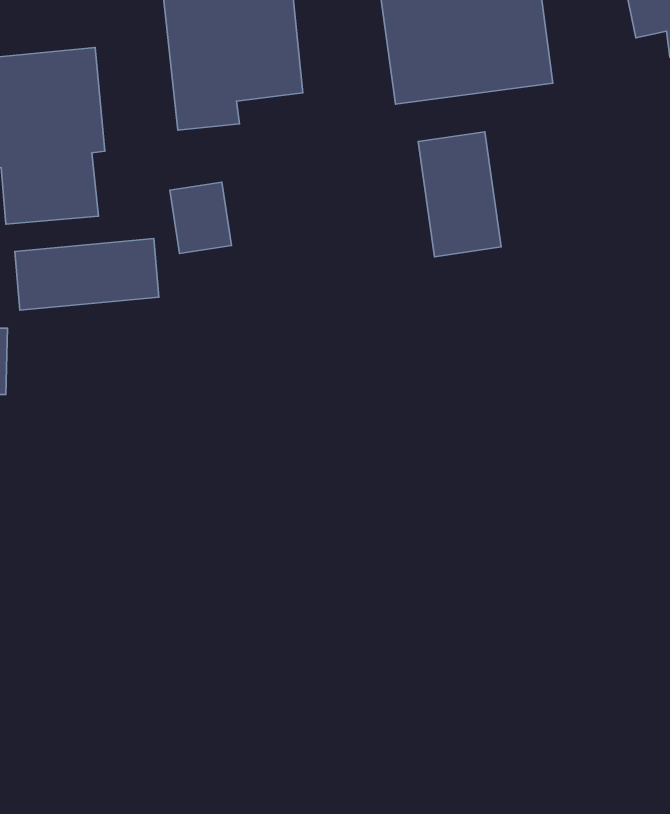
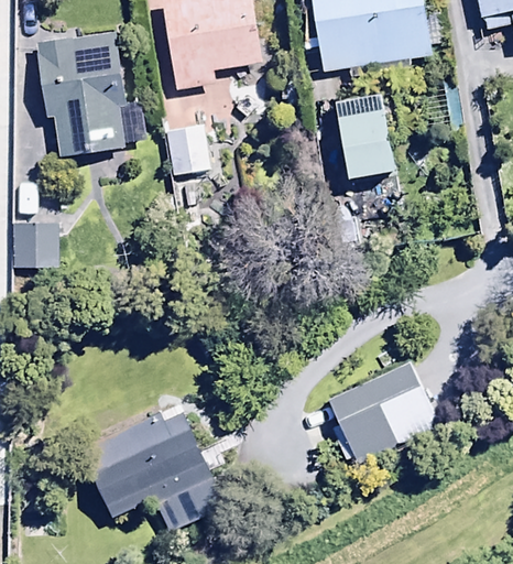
building: [15,239,159,310] -> none
building: none -> [328,359,439,460]
building: none -> [79,409,229,533]

